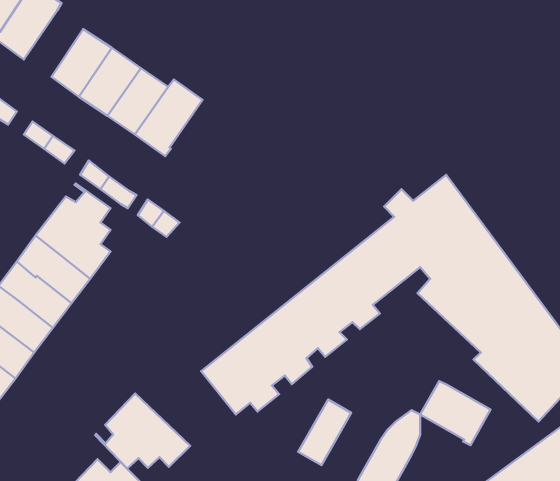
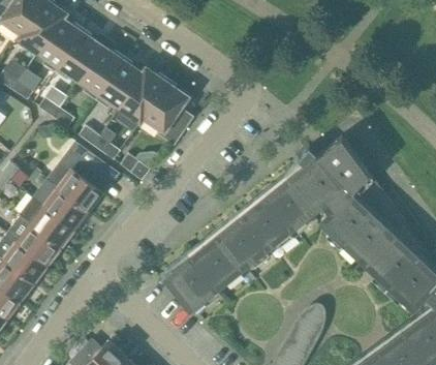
building: none -> [39,18,82,65]
building: none -> [144,82,191,143]
building: [420,381,490,445] -> none
building: [95,393,190,469] -> none
building: [298,399,351,465] -> none

